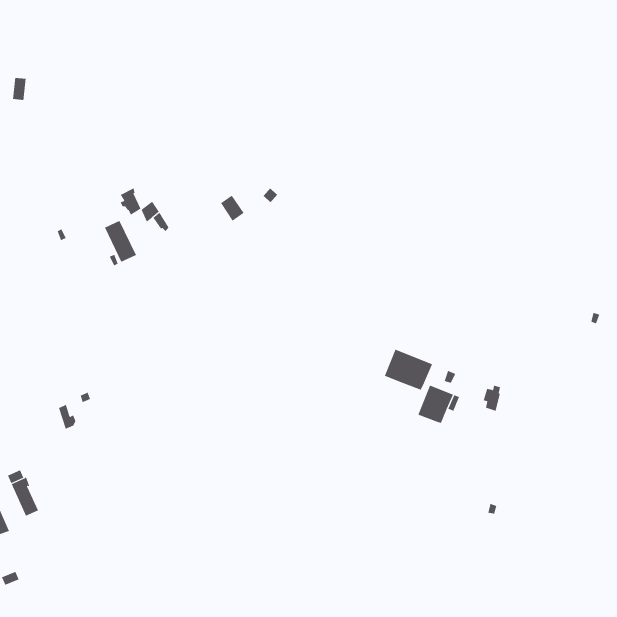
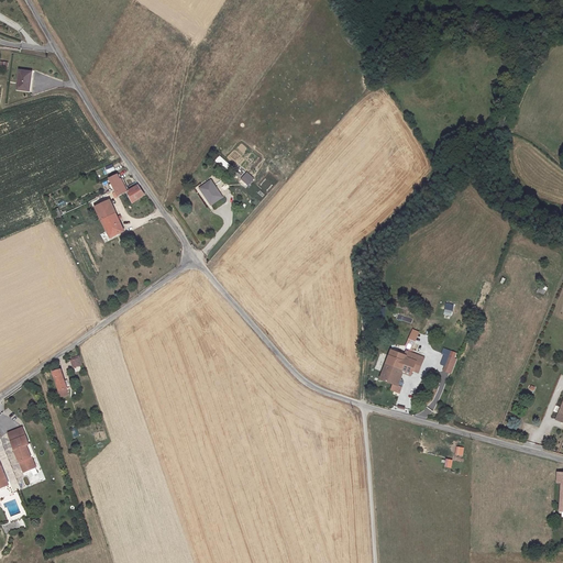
building: [384,349,433,390] -> none

